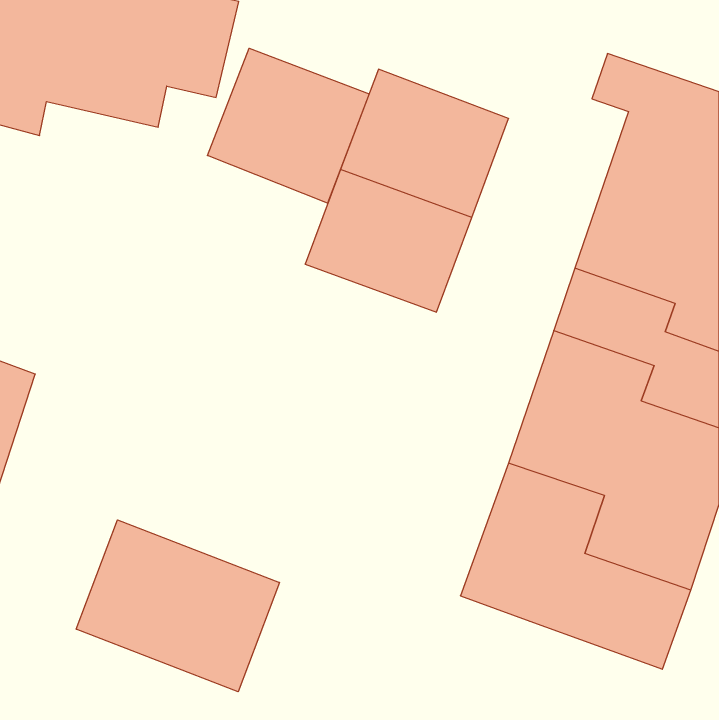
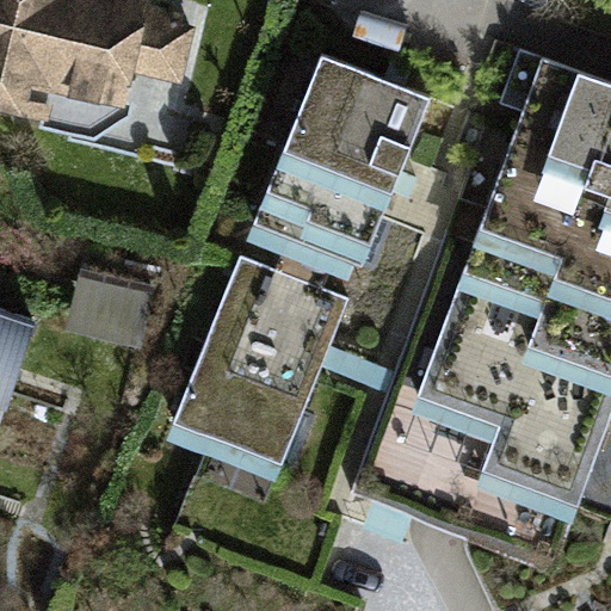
building: [207,48,369,203] -> none
building: none -> [173,253,351,469]
building: [76,520,279,692] -> none

